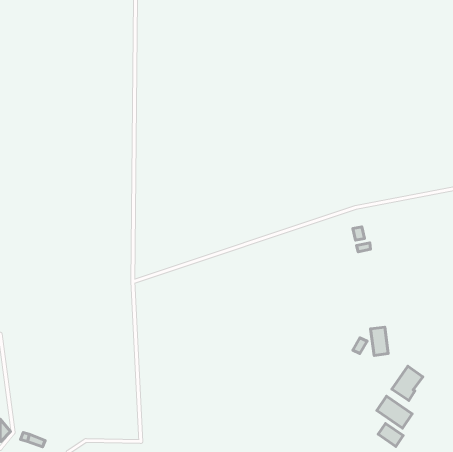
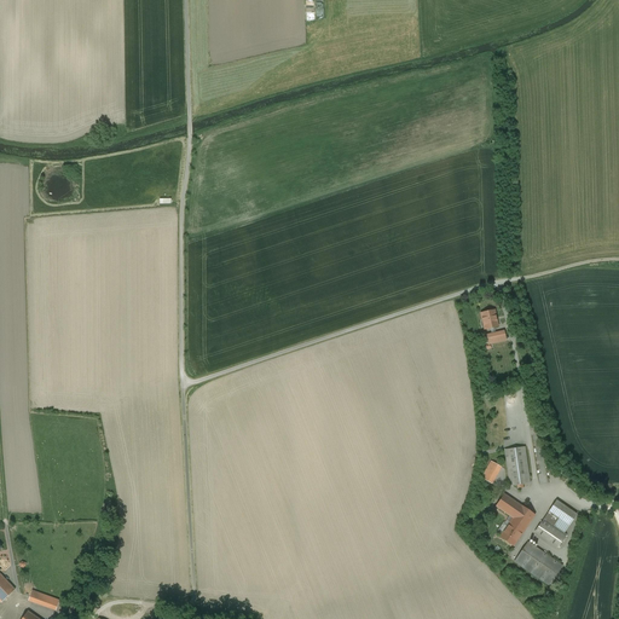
building: none -> [496,493,534,545]
building: [378,423,403,446] -> none

